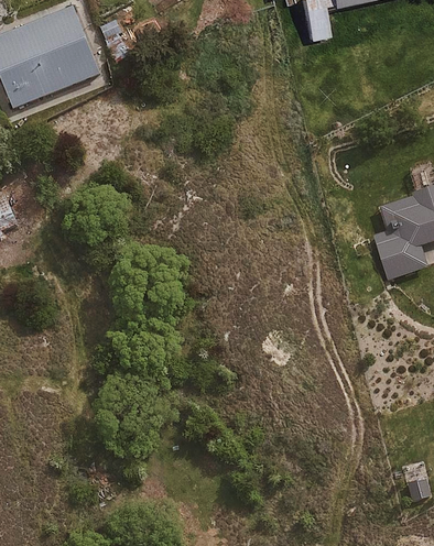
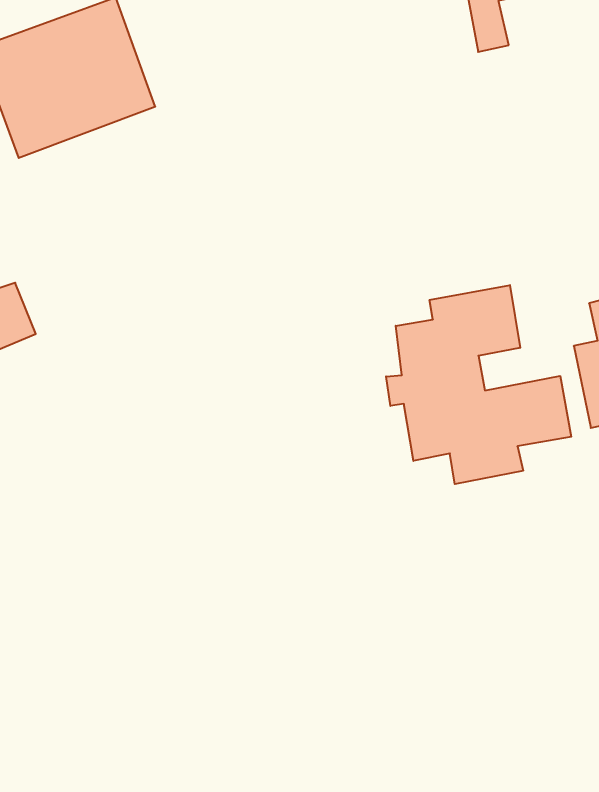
building: none -> [386,285,571,484]

